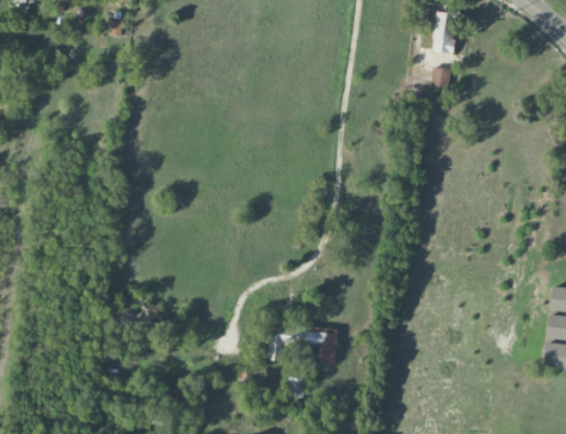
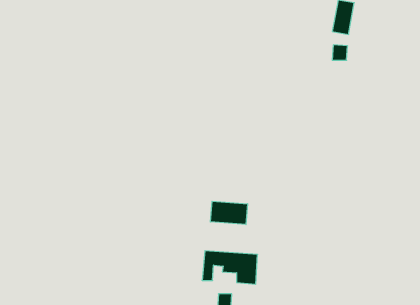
building: none -> [210,201,248,225]

